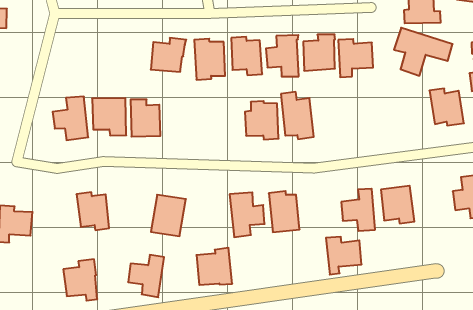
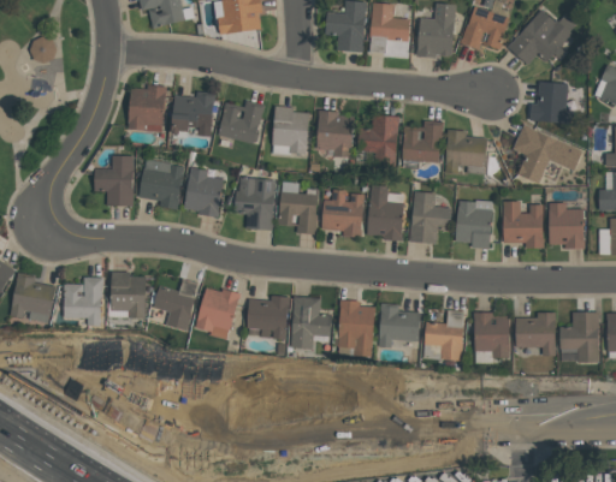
building: none -> [172,90,215,136]
building: none -> [130,84,167,130]
building: none -> [503,201,544,248]
building: none -> [411,191,451,243]
building: none -> [457,200,493,248]
building: none -> [279,182,319,233]
building: none -> [237,177,276,230]
building: none -> [516,311,556,356]
building: [326,237,362,275] -> [380,303,421,347]
building: [196,248,232,285] -> [248,296,289,339]
building: [128,255,164,297] -> [152,279,199,331]
building: [63,259,97,301] -> [64,278,102,326]

